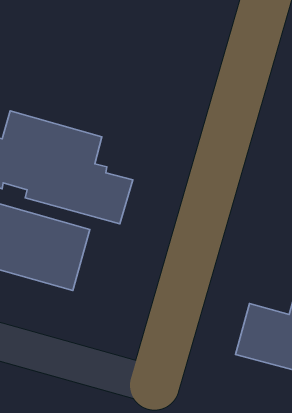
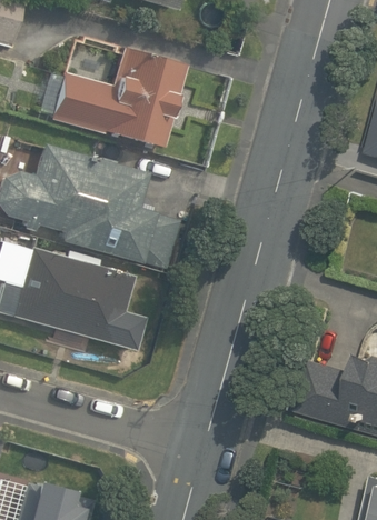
building: none -> [48,46,182,146]

